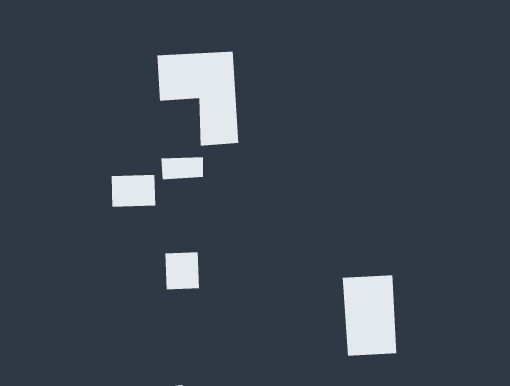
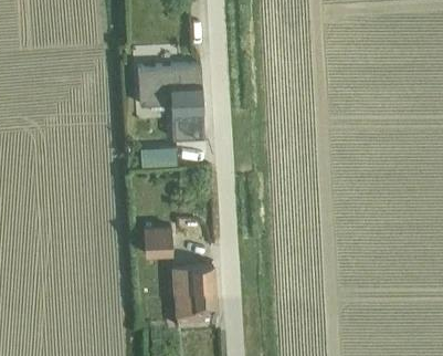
building: [111,174,156,208] -> none
building: [342,275,397,356] -> [171,263,217,329]

